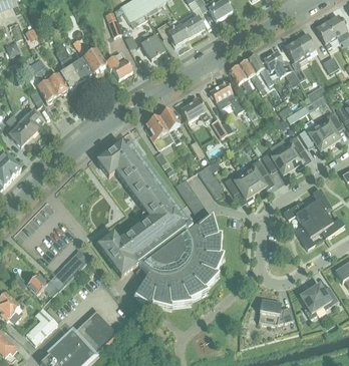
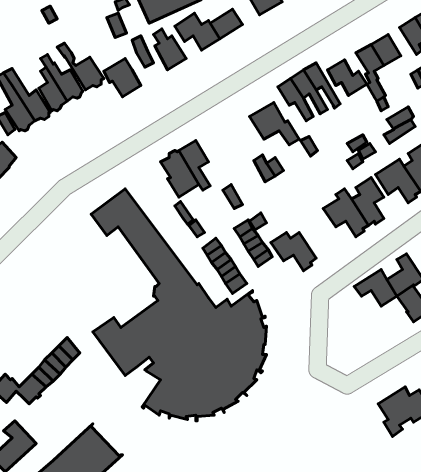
building: [180,96,210,121] -> none
building: [244,159,267,193] -> none
building: [295,220,321,250] -> none
building: [258,301,293,326] -> none

